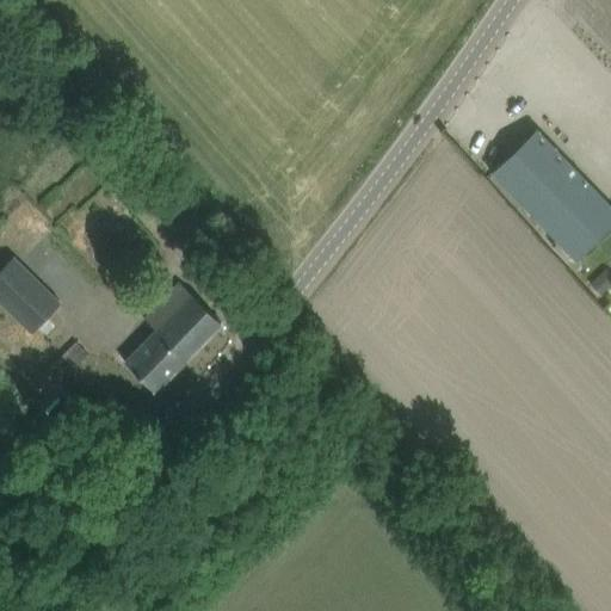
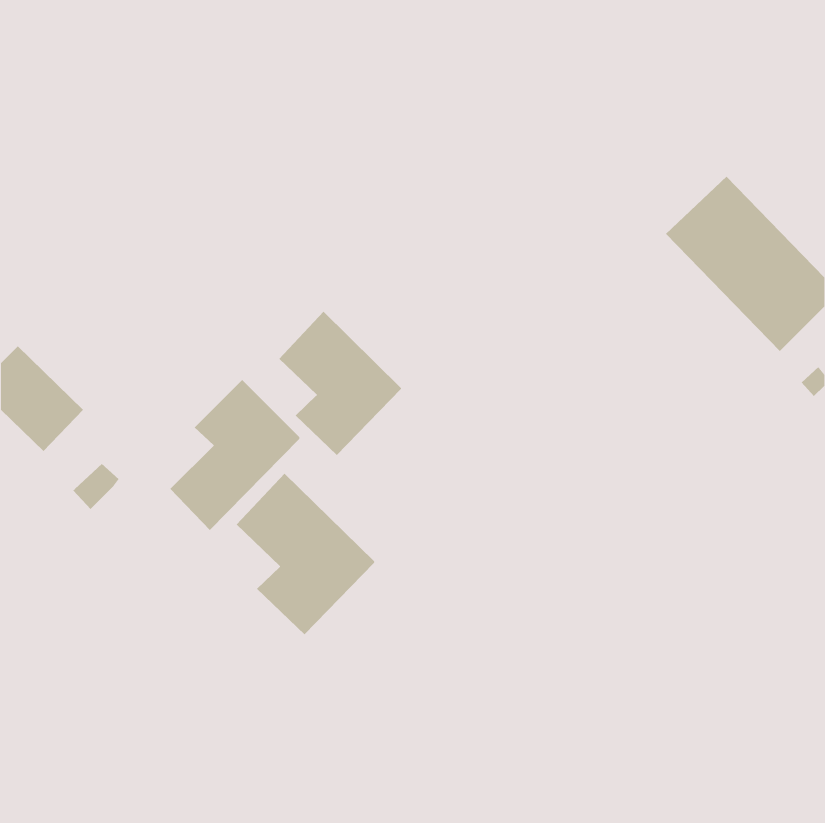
building: none -> [278,311,402,456]
building: none -> [236,473,375,635]

